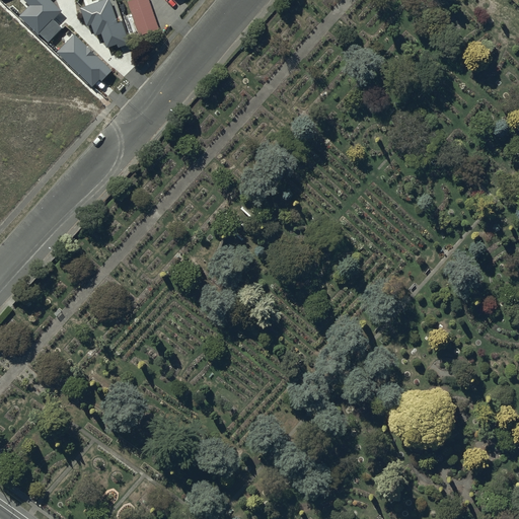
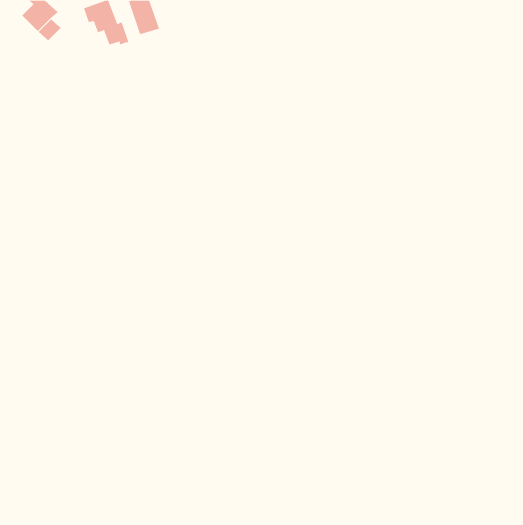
building: [60,36,109,84] -> none

